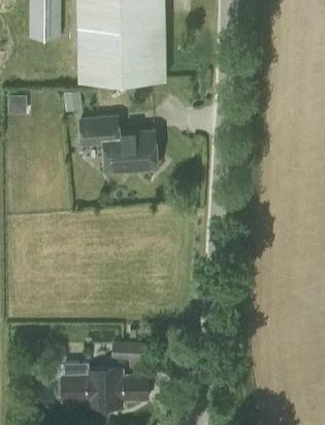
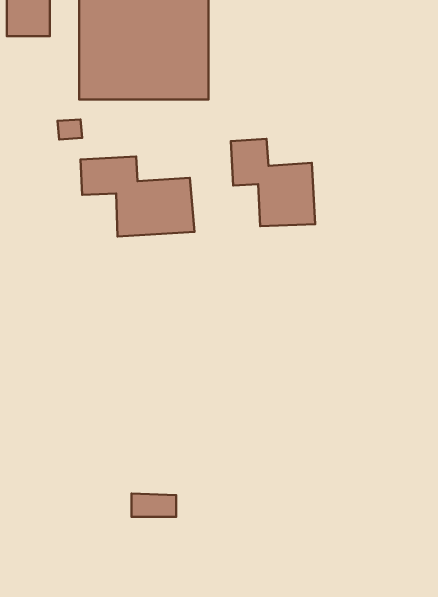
building: none -> [231,139,315,226]
building: [62,364,148,406] -> none

